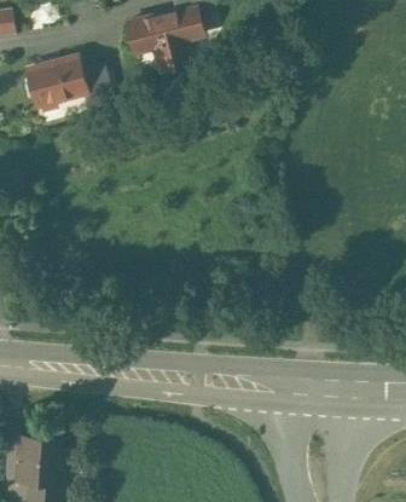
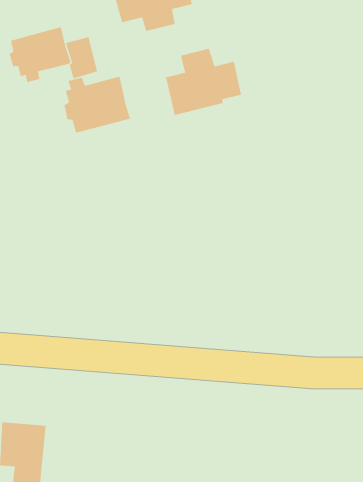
building: none -> [166,48,242,116]
building: none -> [64,76,131,133]

